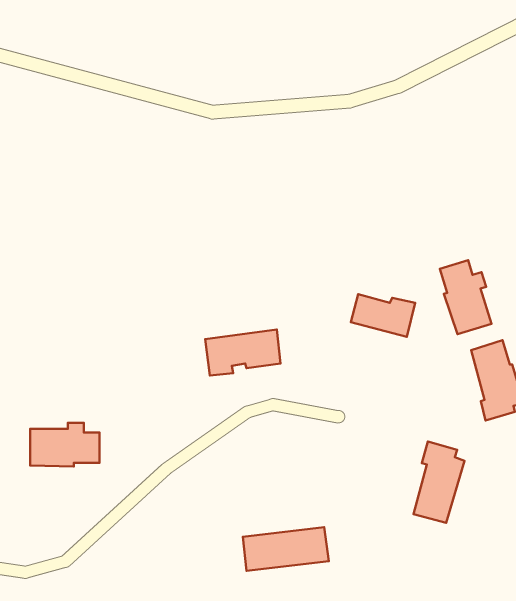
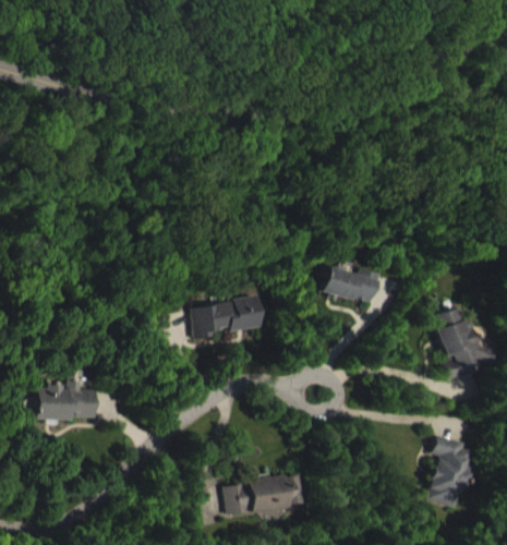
building: [440,260,491,334] -> none
building: [413,441,464,523] -> [424,434,470,507]

